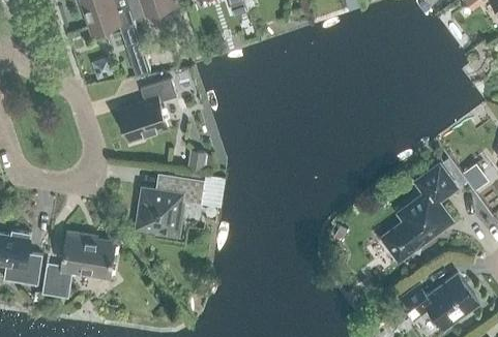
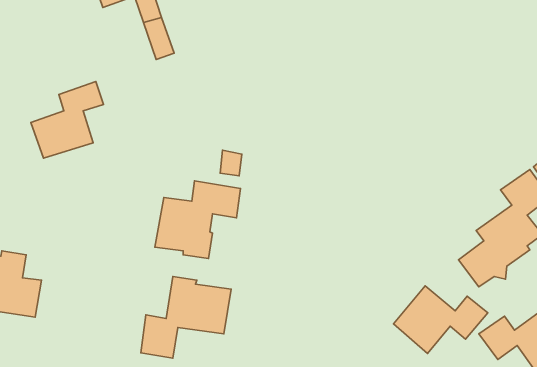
building: [117,79,176,141] -> [31,82,103,158]
building: [41,232,115,298] -> [141,276,231,358]
building: none -> [394,286,488,354]

